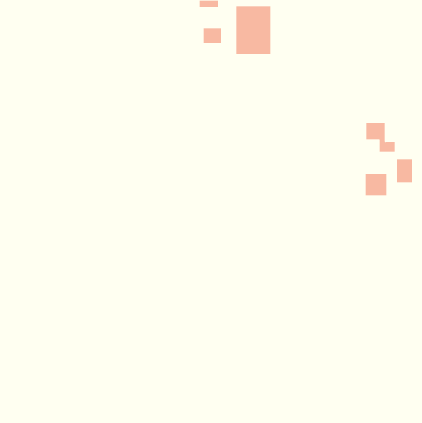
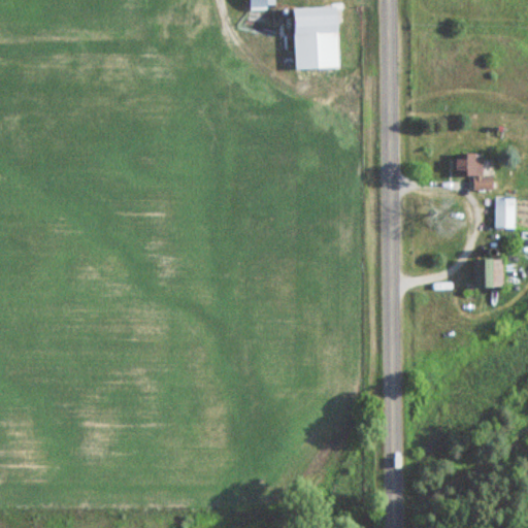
building: [203,27,222,44] -> none
building: [365,174,387,196] -> [475,258,503,286]

